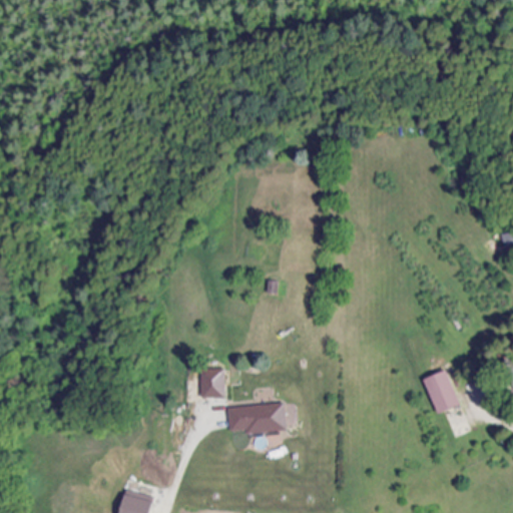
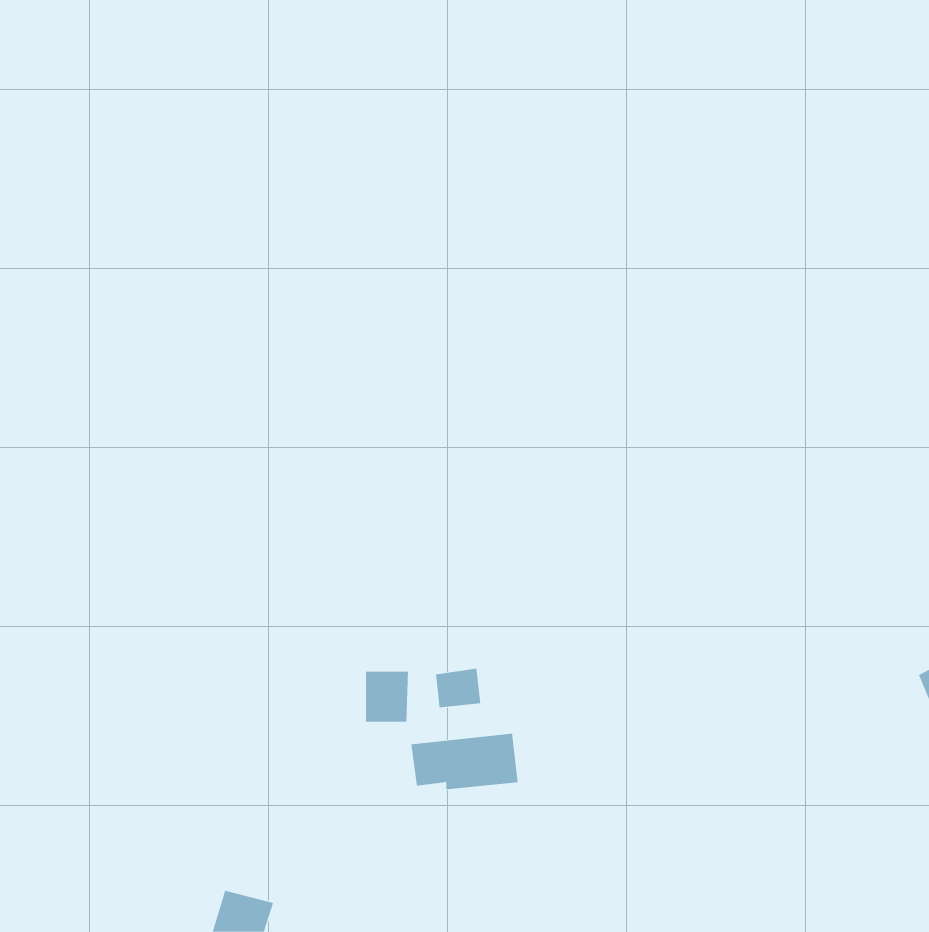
building: none -> [435,668,481,708]
building: [424,371,460,414] -> none

